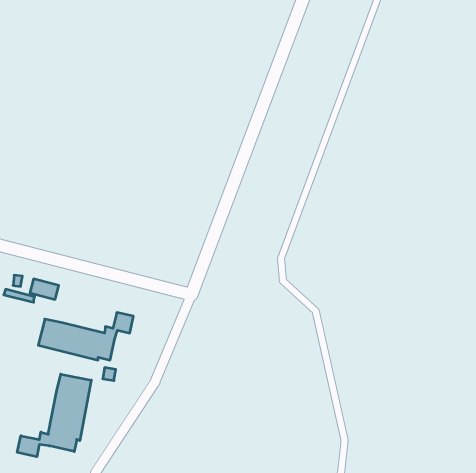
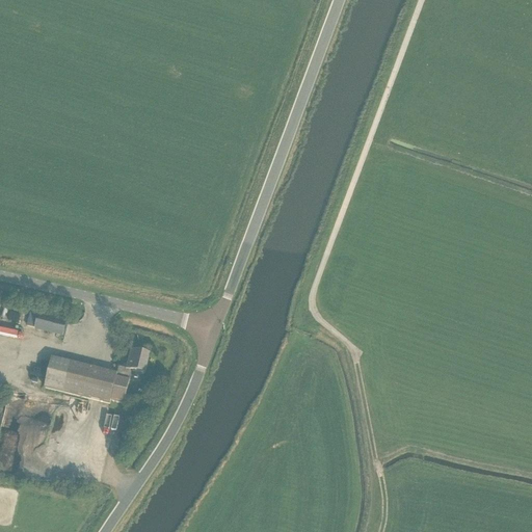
building: [17,374,91,457] -> none

